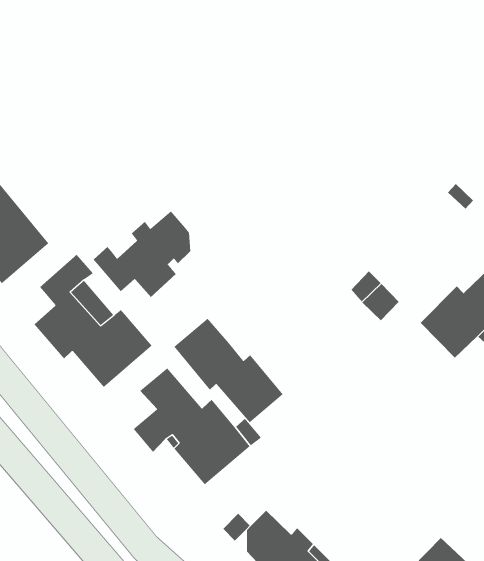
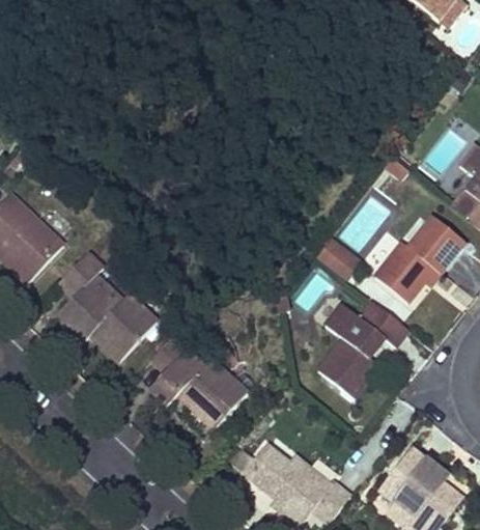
building: [93,211,191,298] -> none
building: [173,318,284,423] -> none
building: none -> [318,301,408,398]

